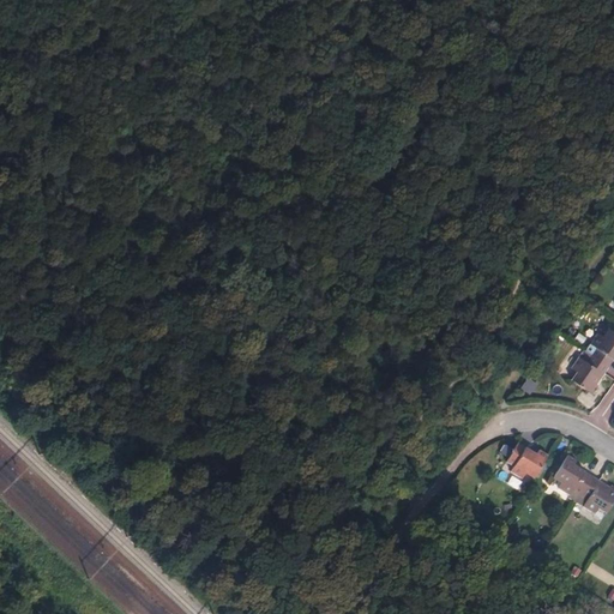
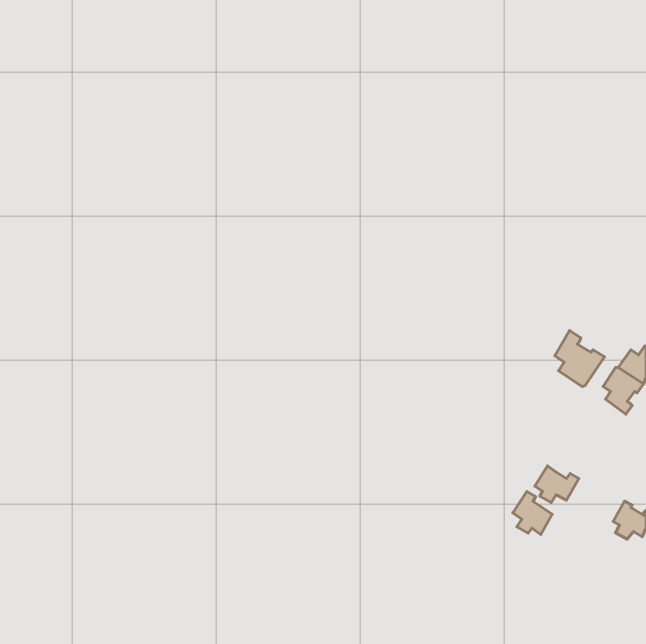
building: none -> [555,331,605,387]
building: [555,455,592,495] -> [513,492,552,534]

